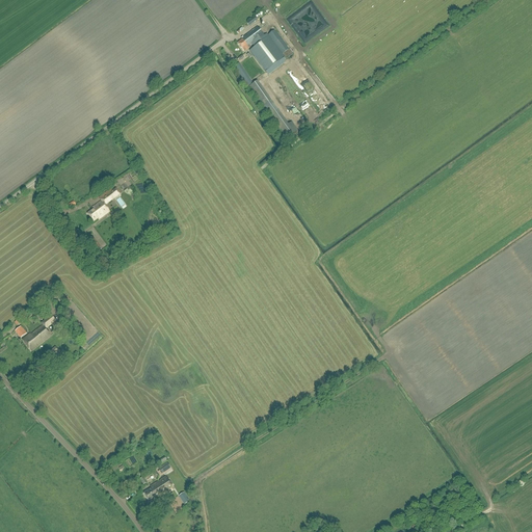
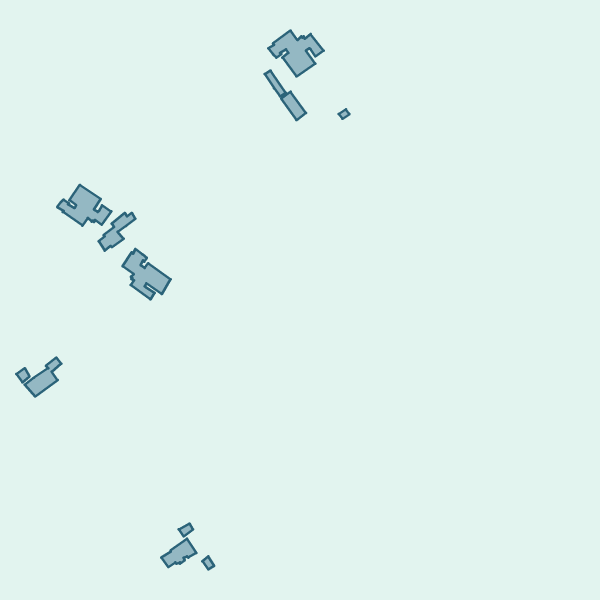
building: none -> [57,185,111,226]
building: none -> [123,249,171,299]

